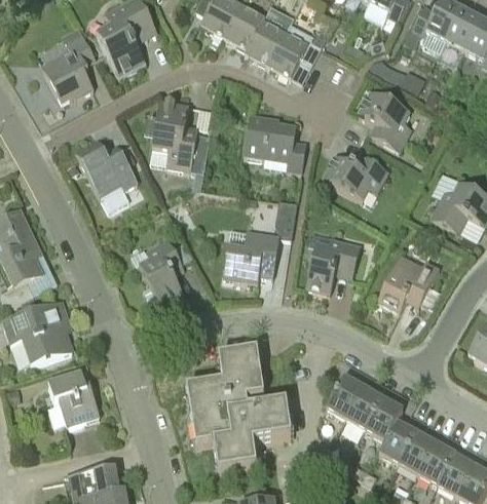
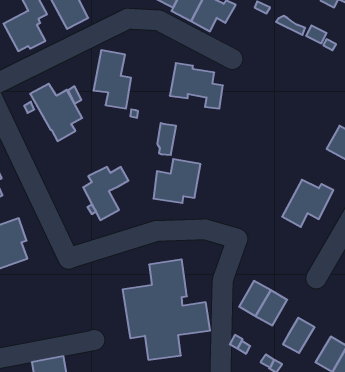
building: [359,90,412,151] -> none
building: [323,155,388,199] -> none
building: [274,199,297,237] -> [157,123,176,155]
building: [305,237,360,292] -> none
building: [48,373,100,426] -> none
building: [366,398,403,440] -> none
building: [398,431,436,473] -> none

